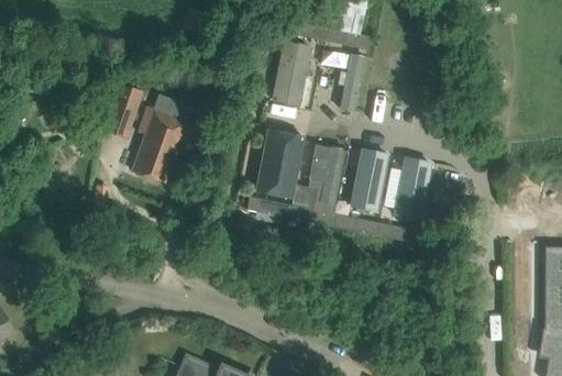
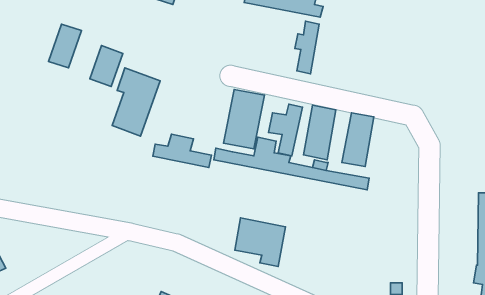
building: [274,41,312,103] -> none
building: none -> [48,24,82,68]
building: none -> [153,134,211,167]
building: none -> [235,218,286,266]

